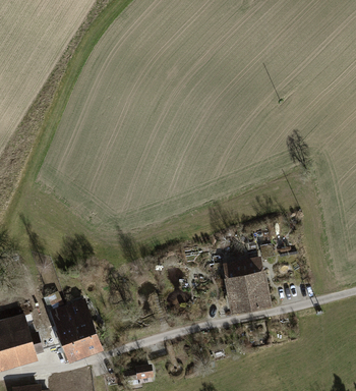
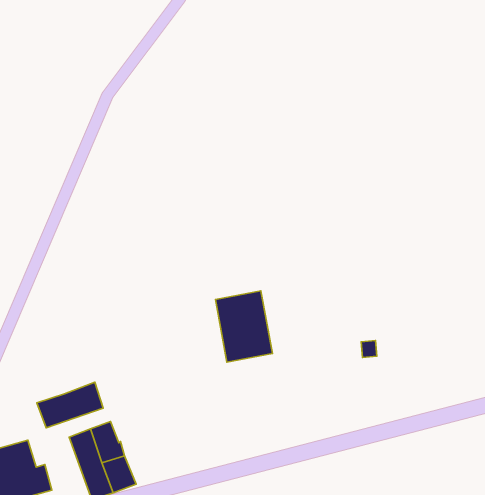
building: [227,263,268,314] -> [215,291,272,362]
building: none -> [37,382,103,428]

